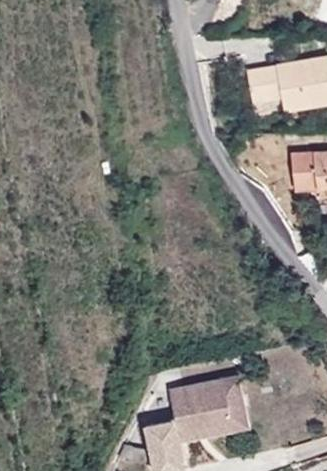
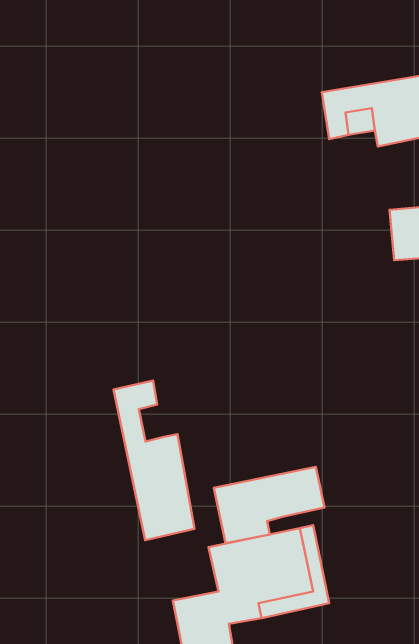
building: none -> [114,381,194,540]
building: none -> [214,467,324,543]

